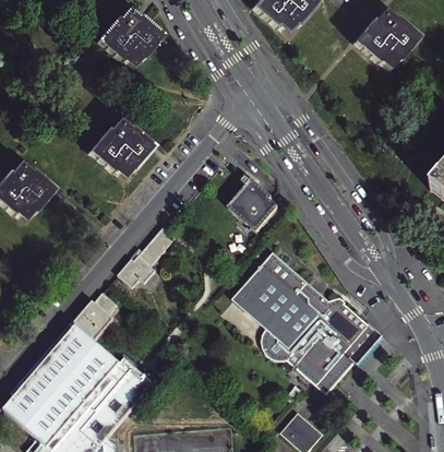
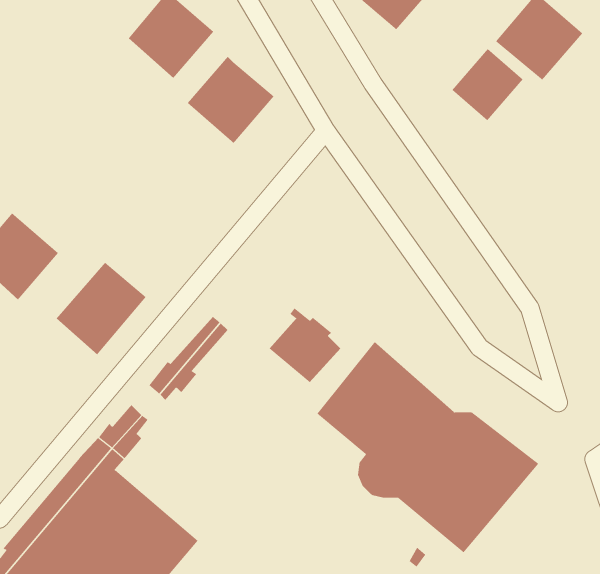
building: none -> [451,48,523,121]
building: [92,116,153,177] -> [187,56,275,144]
building: [228,176,278,228] -> [269,308,341,383]
building: none -> [56,262,146,355]

